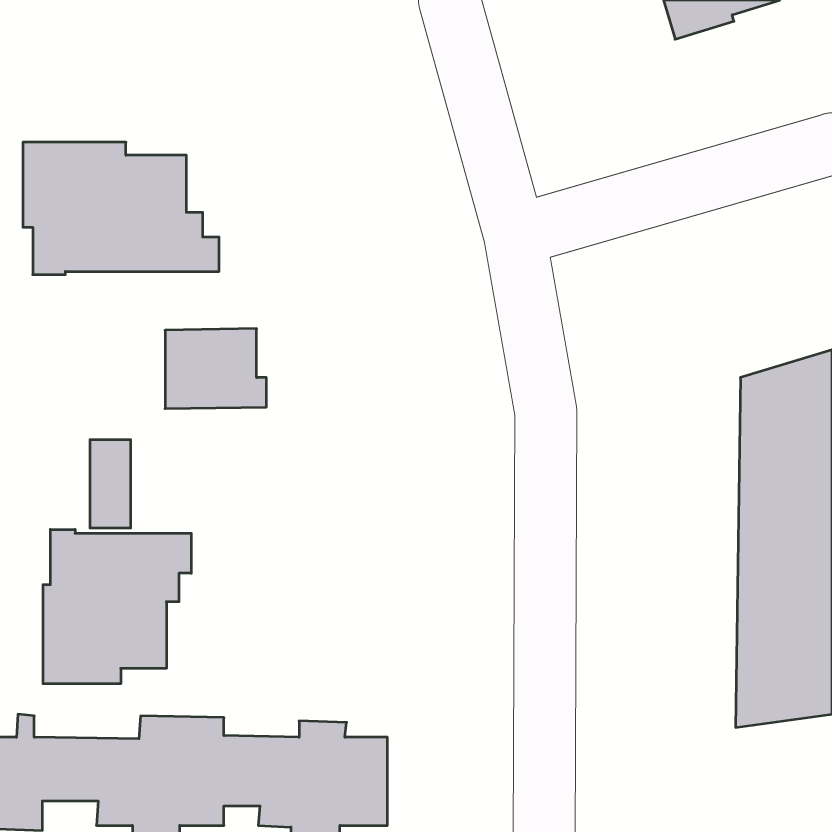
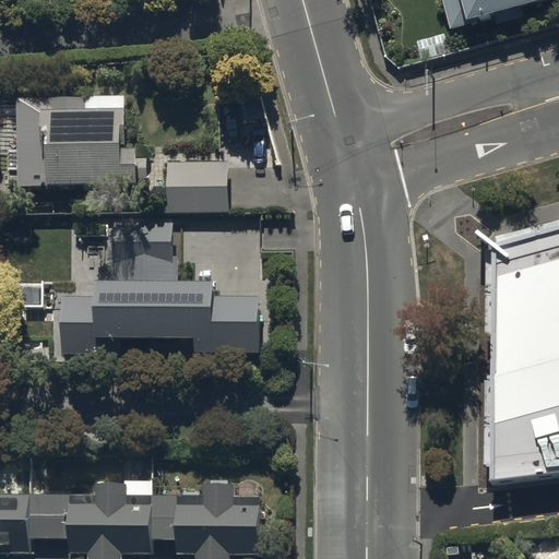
building: none -> [166,163,230,214]
building: none -> [93,278,259,359]
building: [43,529,191,684] -> none

